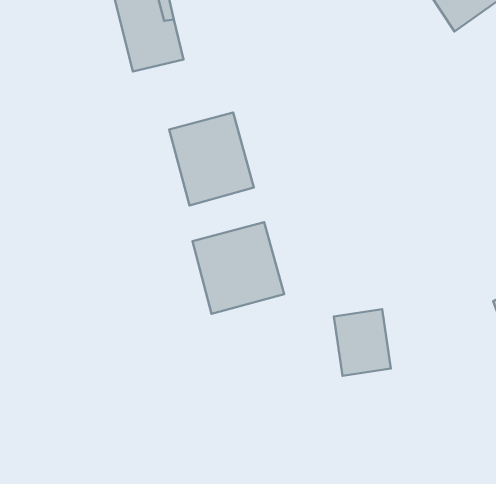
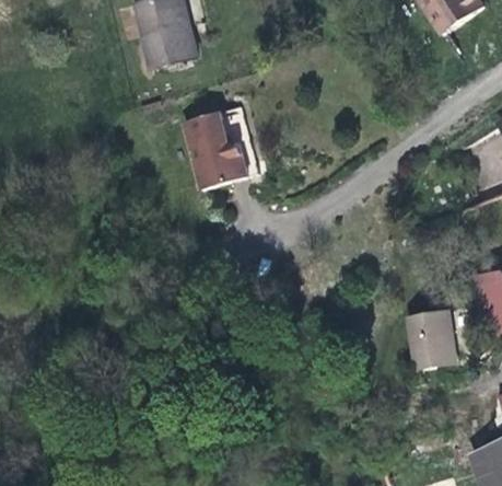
building: [193,222,284,314] -> none
building: [334,309,391,376] -> [406,308,457,368]

